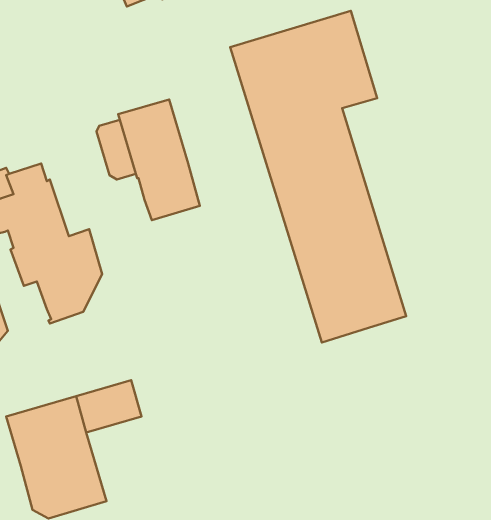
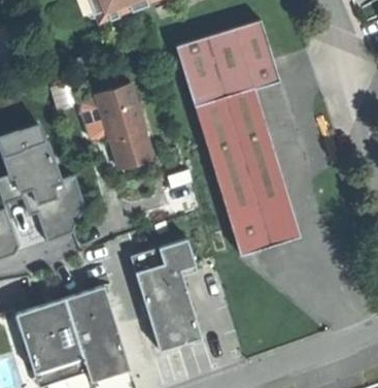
building: none -> [130,238,202,350]
building: none -> [73,308,130,377]

